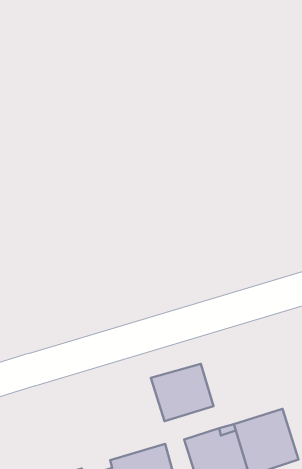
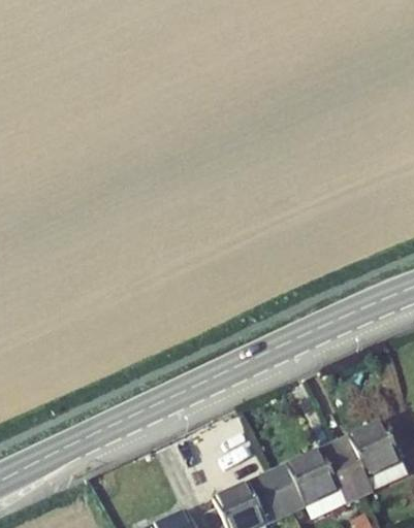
building: [151,364,214,421] -> none

